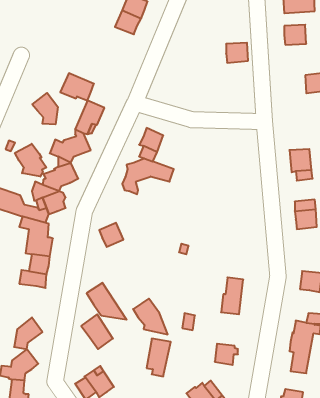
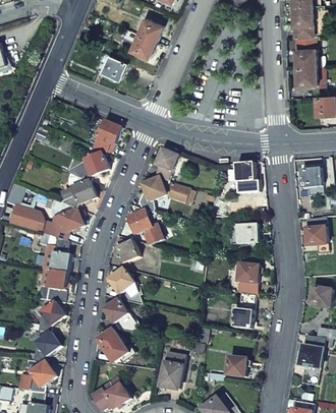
building: [226,43,248,63] -> [295,66,317,85]
building: [60,73,94,101] -> [94,52,126,78]
building: [32,93,58,124] -> none
building: none -> [235,162,258,187]
building: [15,144,46,177] -> none
building: none -> [127,209,162,243]
building: none -> [228,224,257,243]
building: none -> [236,262,259,294]
building: none -> [27,300,64,331]
building: [133,299,168,334] -> [108,268,142,302]

